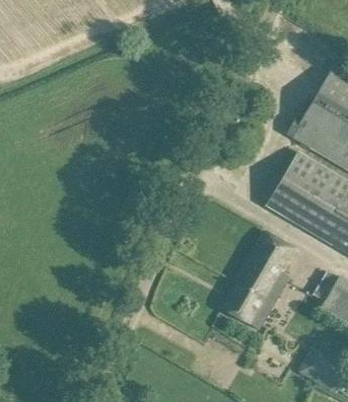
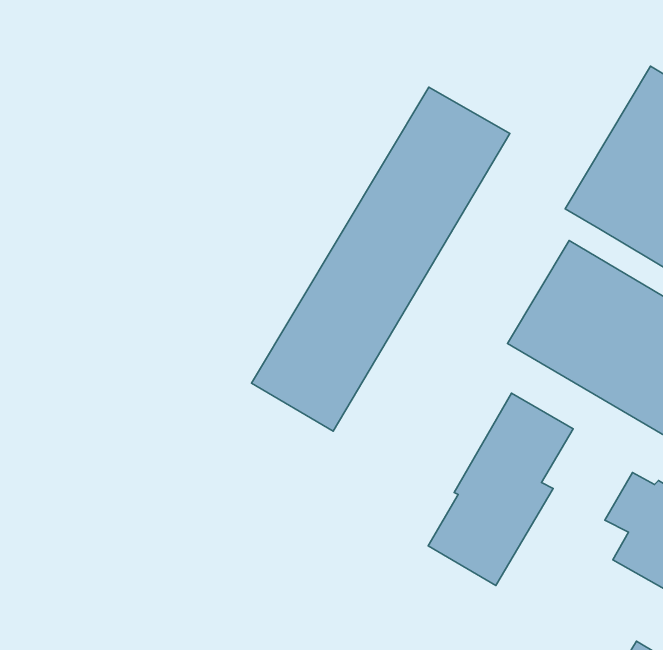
building: none -> [252,87,510,431]

